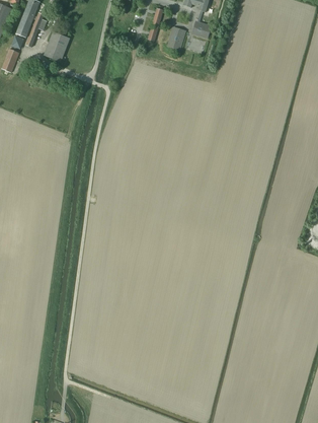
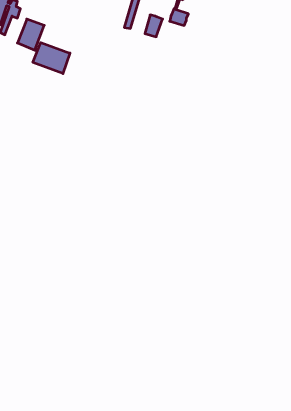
building: none -> [33,43,70,74]

